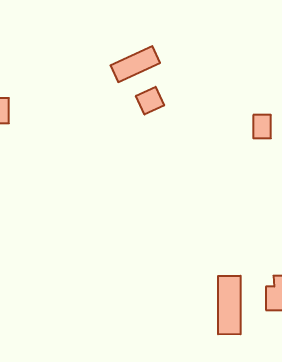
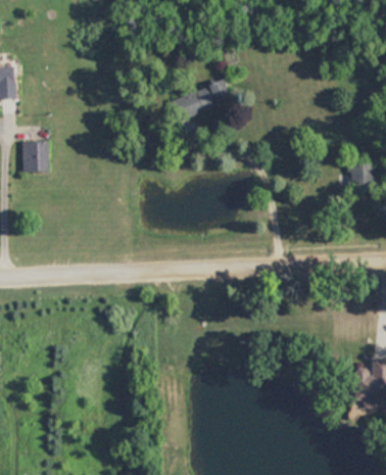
building: [136,87,164,115] -> none
building: [218,276,241,334] -> none

